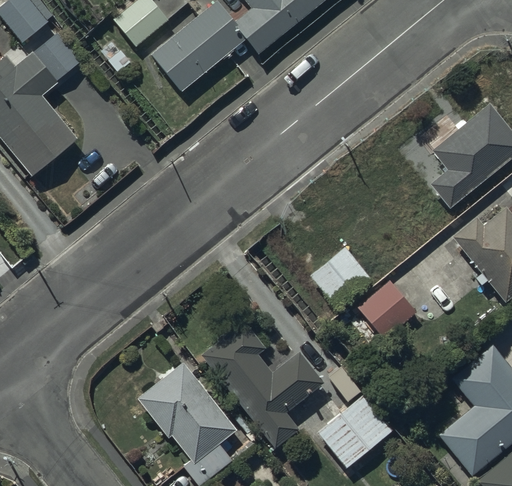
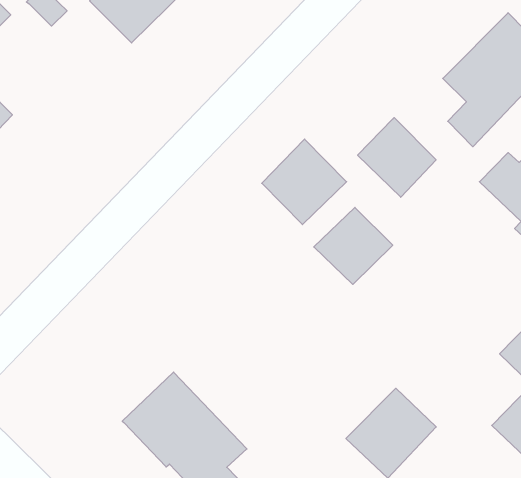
building: none -> [262,139,347,225]
building: [354,275,417,340] -> [358,118,436,197]
building: [202,321,324,448] -> none

